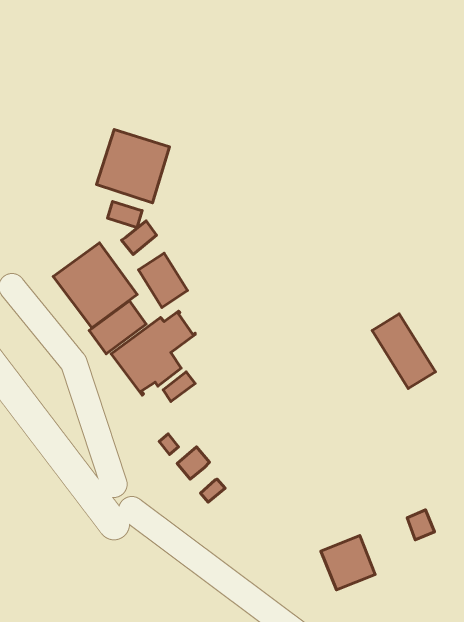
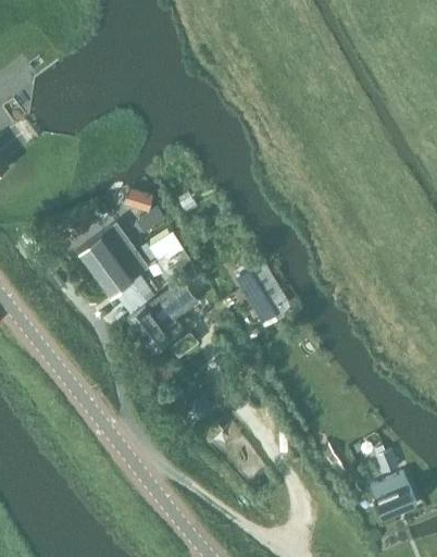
building: [97,130,170,203] -> none
building: [372,314,435,389] -> [239,261,292,324]
building: [321,536,375,590] -> [370,472,415,518]

